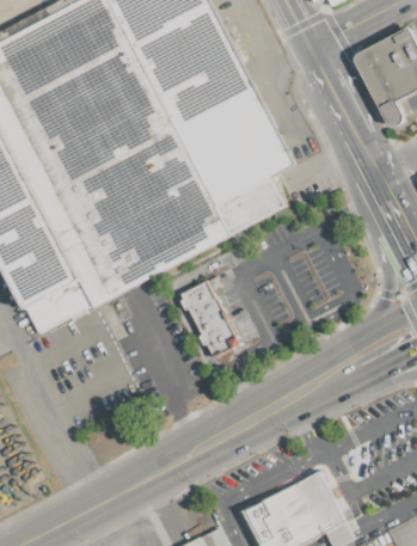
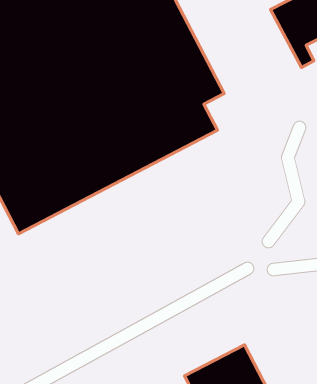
building: [178,276,238,358] -> none

